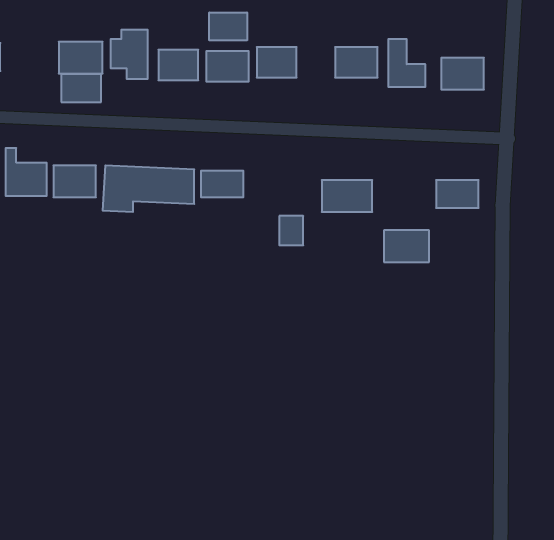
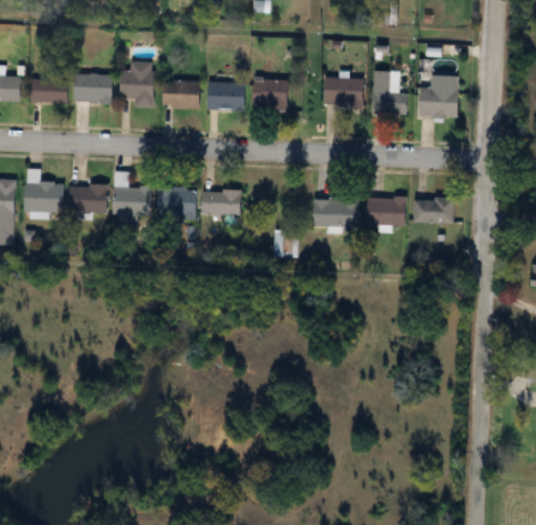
building: [209,12,247,40] -> none
building: [61,74,101,102] -> [32,77,68,102]
building: [384,230,429,262] -> [365,197,405,225]

